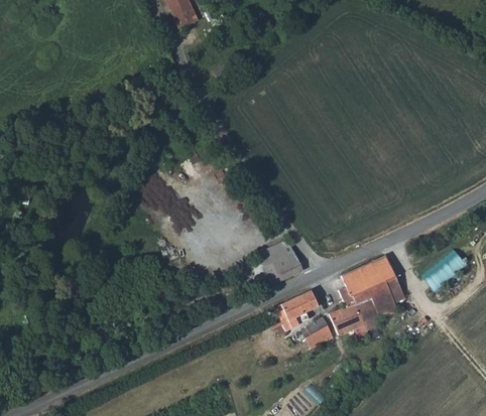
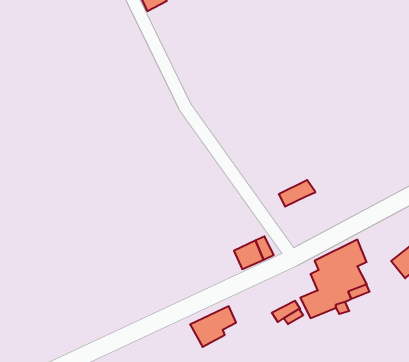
building: [258,241,294,267] -> [279,180,315,207]
building: [274,289,320,329] -> [190,306,236,347]

